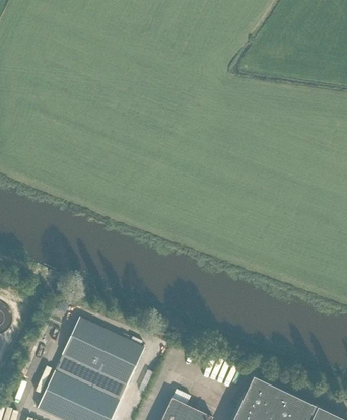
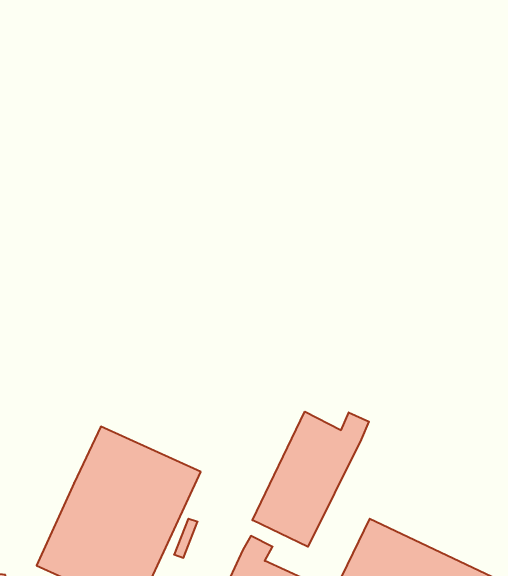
building: none -> [252,412,369,547]

